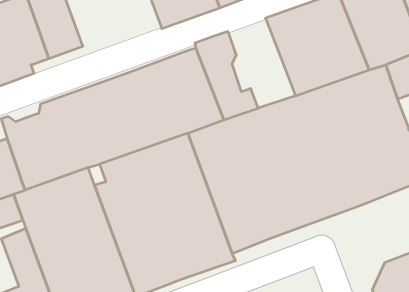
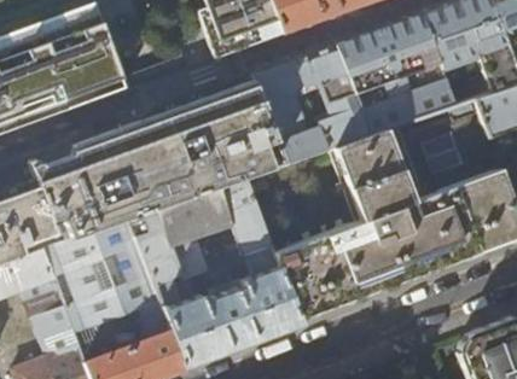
building: none -> [292,47,371,152]

